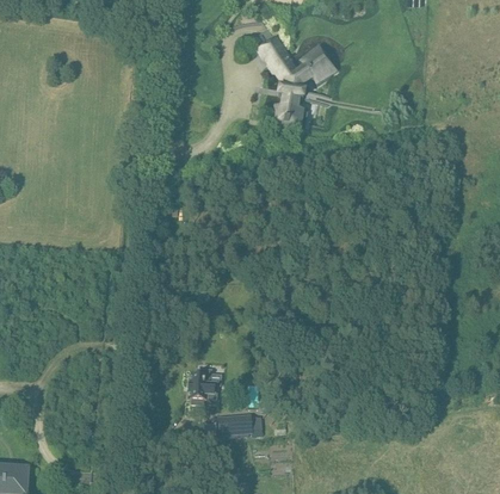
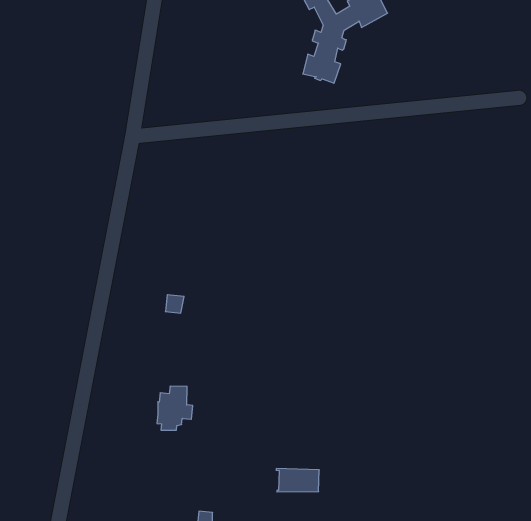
building: [217,414,252,434] -> [276,469,319,492]

